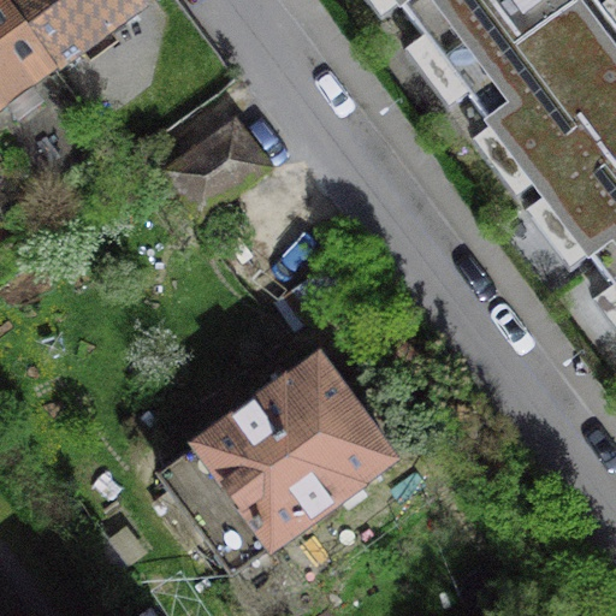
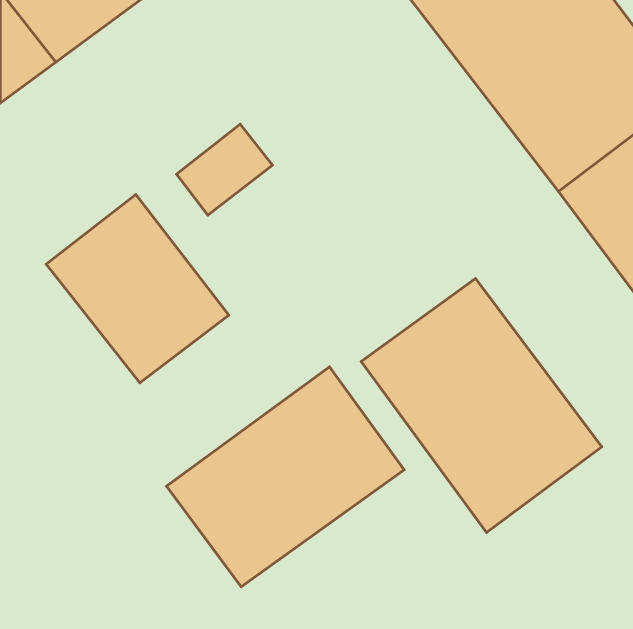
building: none -> [46,194,229,383]
building: none -> [361,278,602,532]

